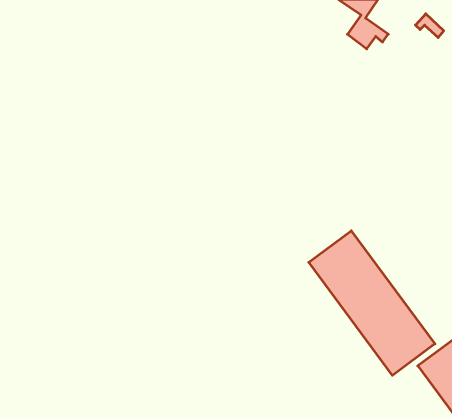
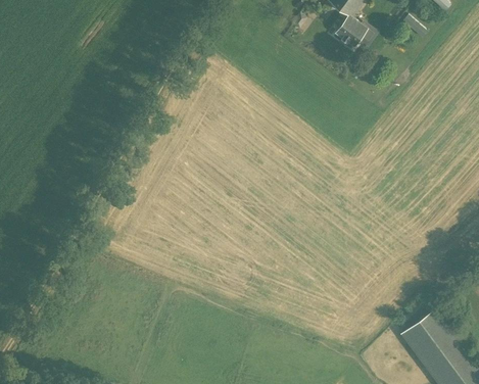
building: [309,231,435,375] -> none

